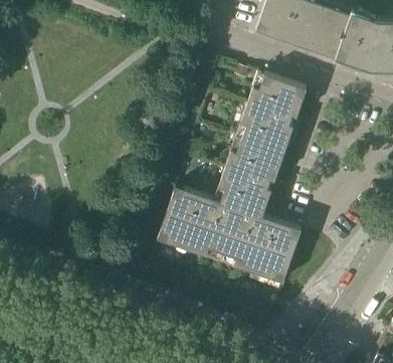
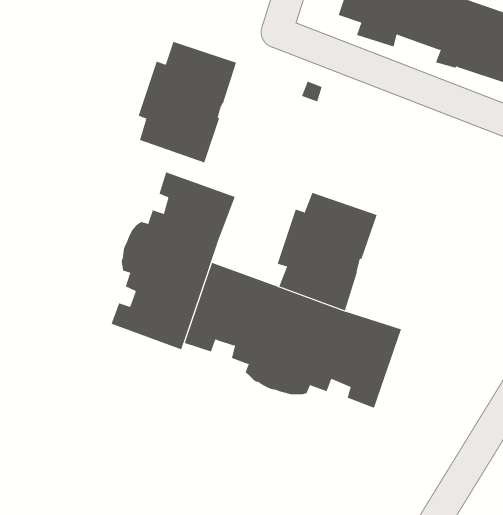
building: [240,74,306,155] -> [138,41,237,163]
building: none -> [111,171,236,350]

